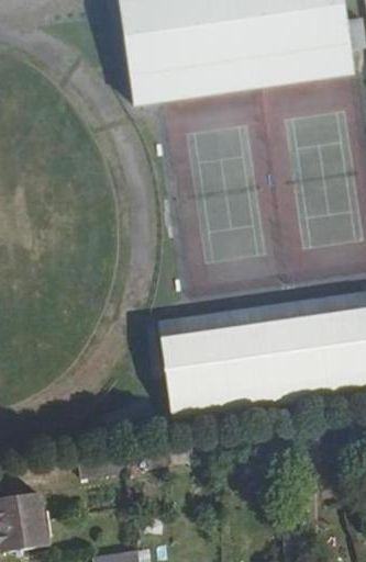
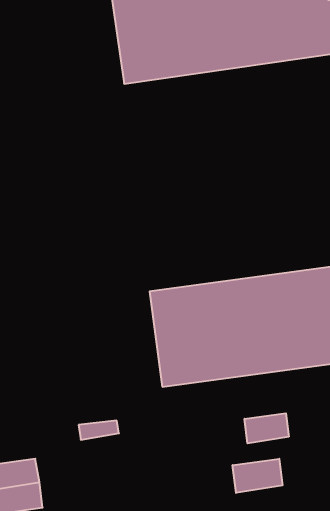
building: none -> [245,413,289,443]
building: none -> [233,459,282,493]

